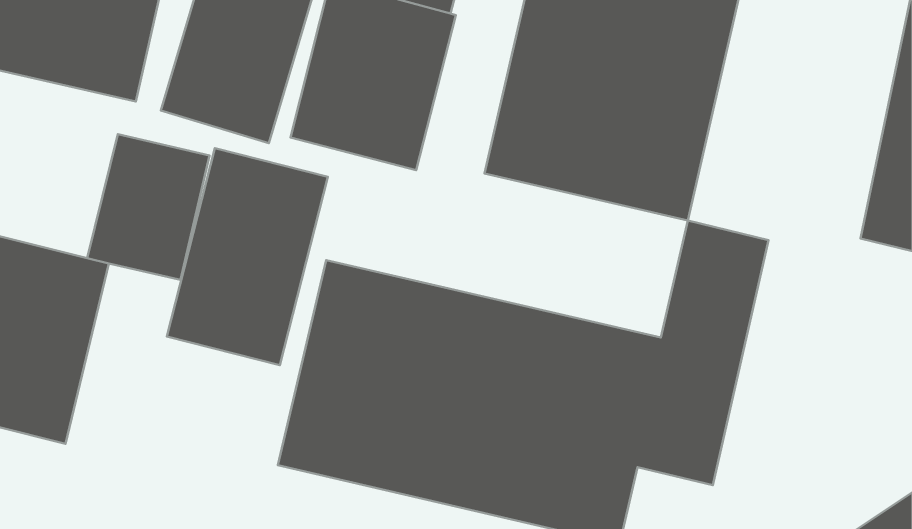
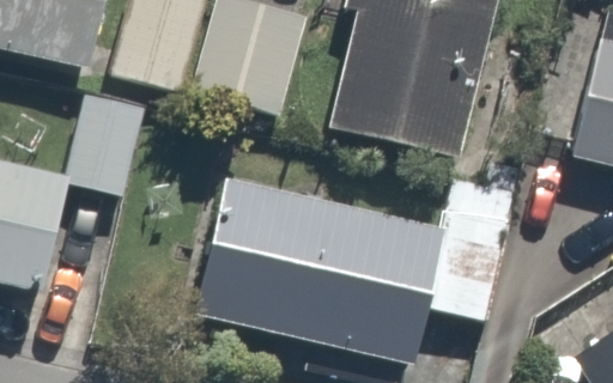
building: [167,148,328,365] -> none

